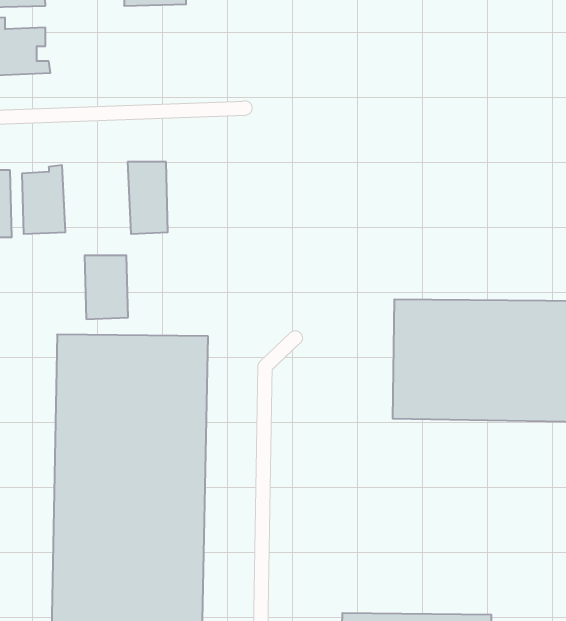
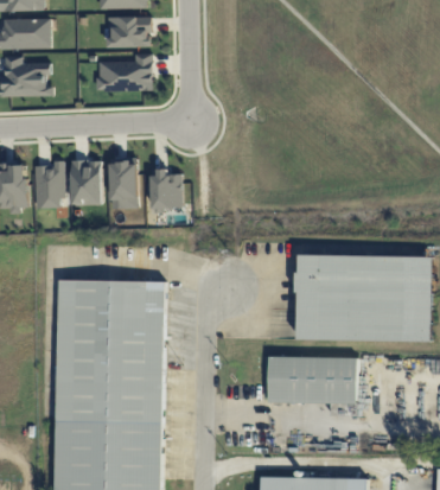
building: none -> [96,53,152,91]
building: none -> [151,168,183,210]
building: [85,255,128,319] -> [71,160,102,205]
building: none -> [267,356,357,405]

